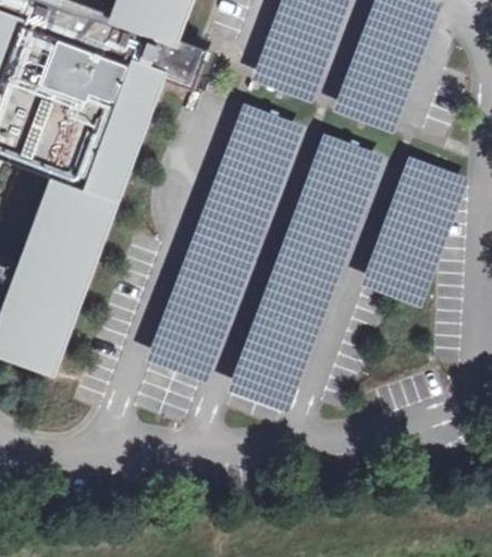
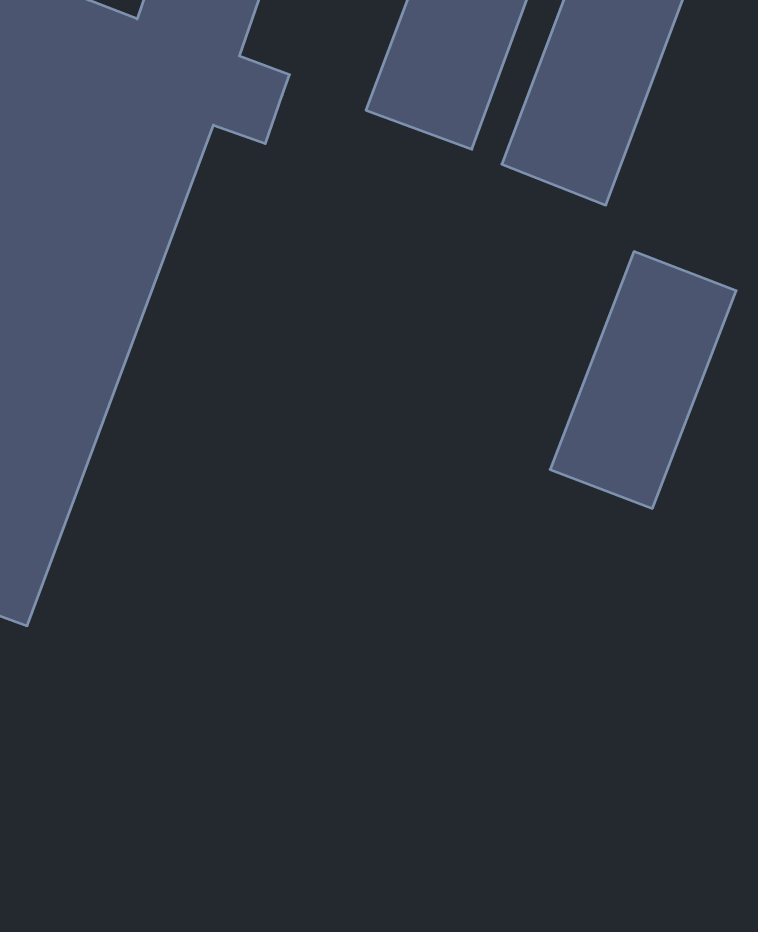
building: [147,111,299,377] -> none
building: [230,132,383,409] -> none

